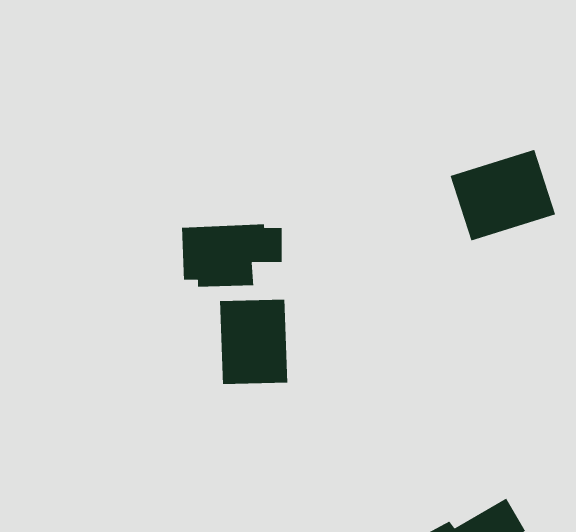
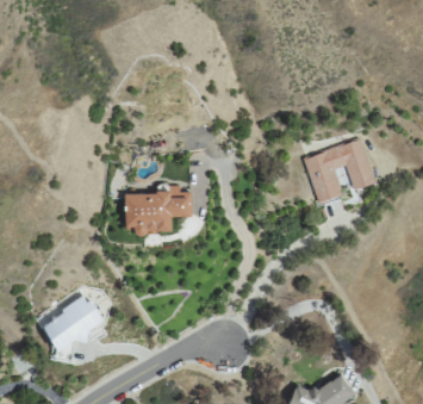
building: [219,299,288,385] -> none
building: none -> [43,297,102,349]

